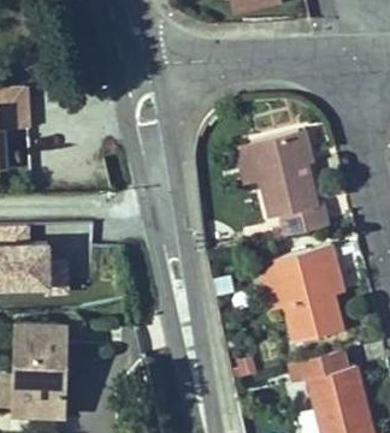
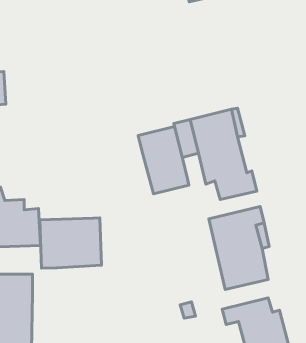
building: none -> [138,127,189,194]
building: none -> [40,218,101,268]

